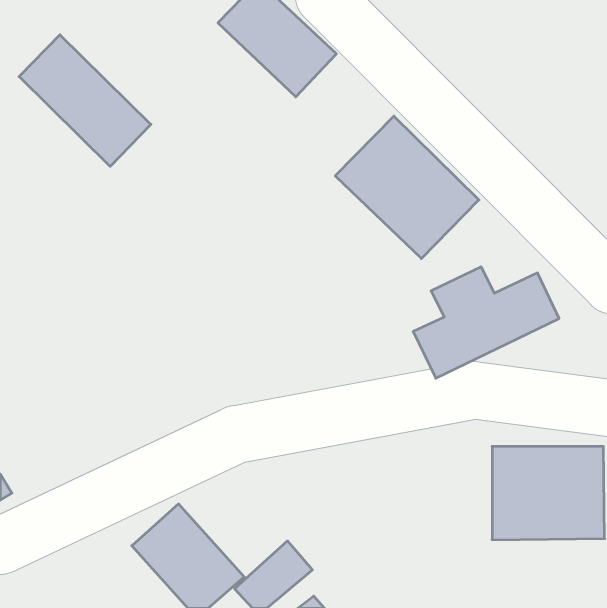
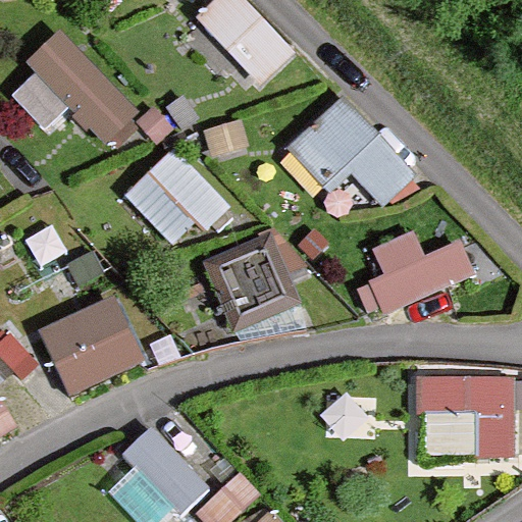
building: none -> [129,150,230,251]
building: none -> [207,236,305,333]
building: none -> [36,294,140,394]

